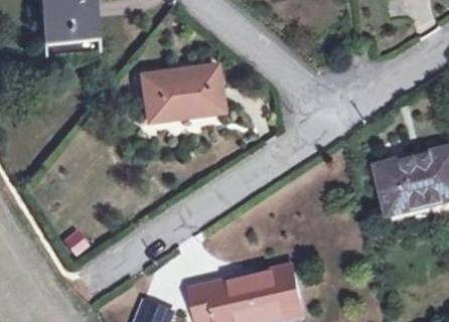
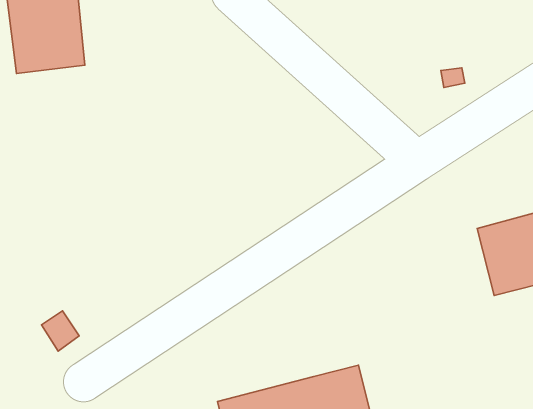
building: [141,63,220,120] -> none

